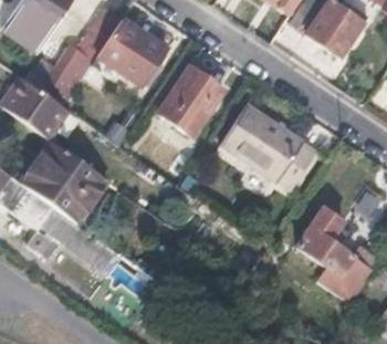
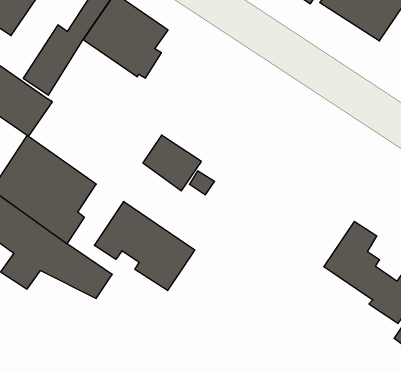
building: [159,65,224,134] -> none
building: [221,102,317,188] -> none
building: none -> [94,201,195,291]

